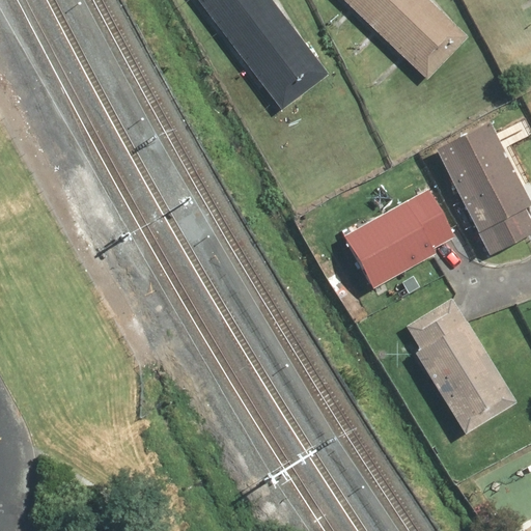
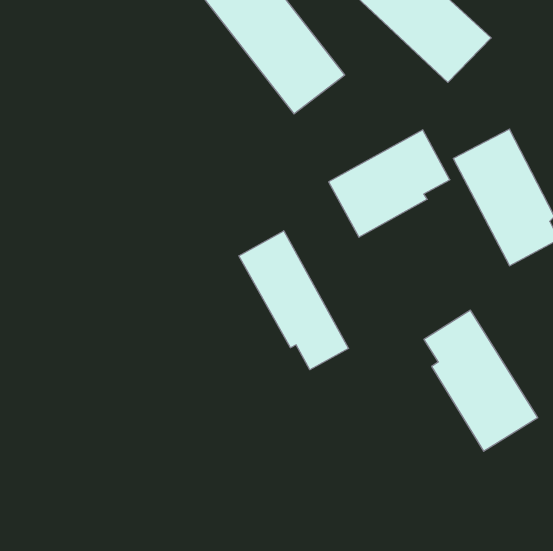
building: [342,186,458,288] -> [329,130,450,237]
building: none -> [239,231,349,370]

